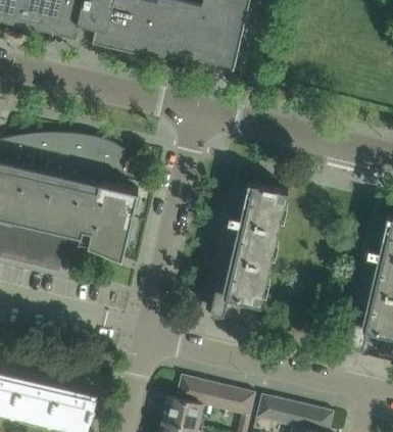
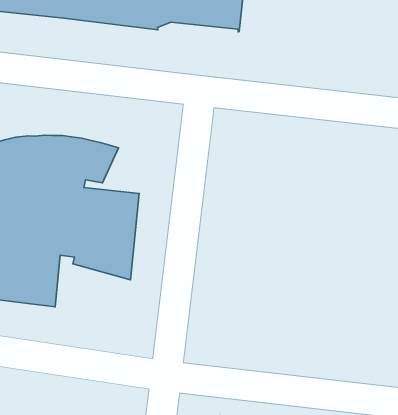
building: [211,181,288,328] -> none

